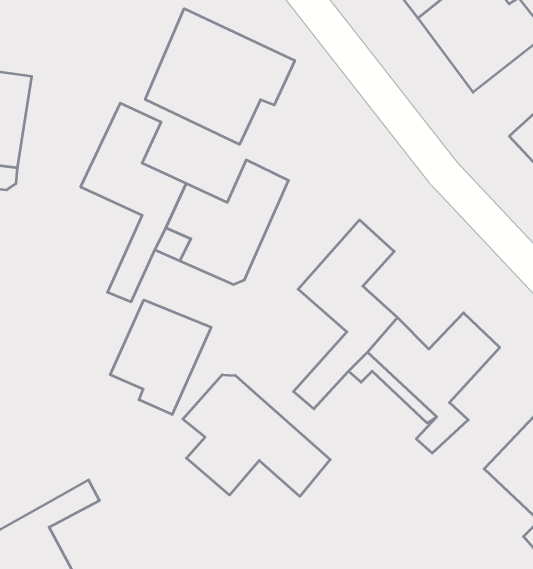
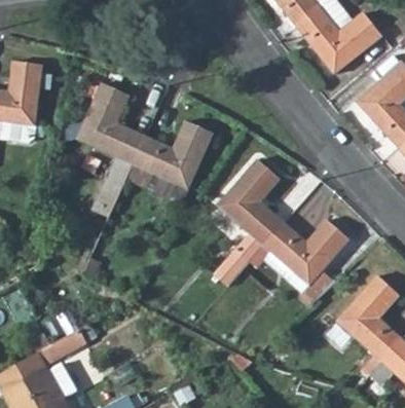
building: [145,9,295,144] -> none
building: [110,300,211,415] -> none
building: [183,375,330,496] -> none

